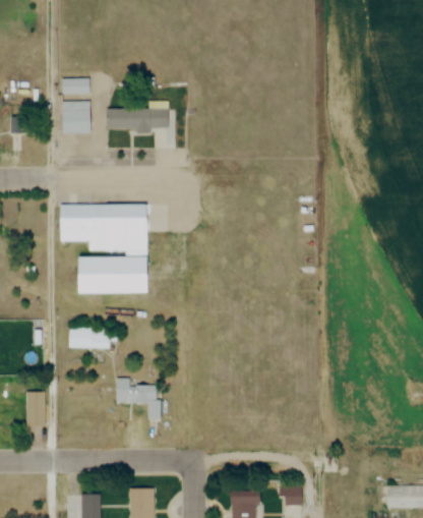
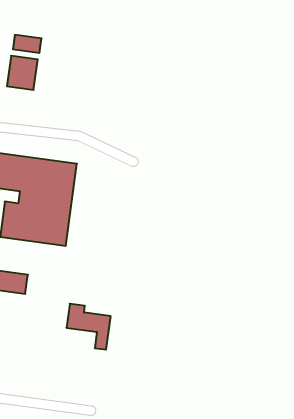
building: [106,104,169,132] -> none
building: [117,379,162,421] -> [66,304,111,350]

